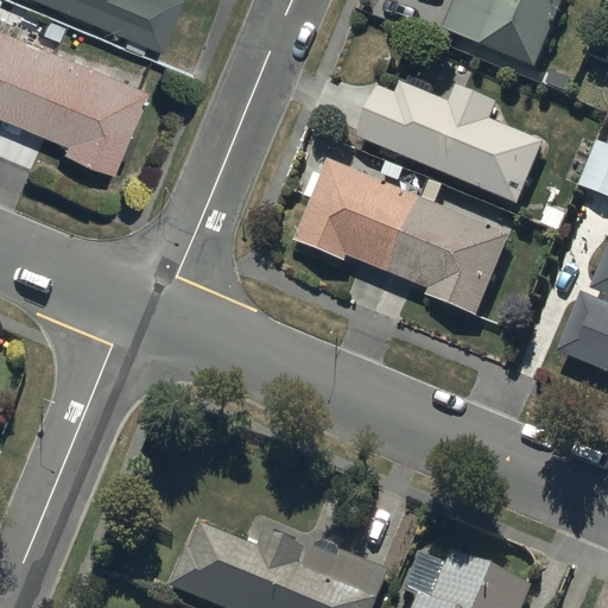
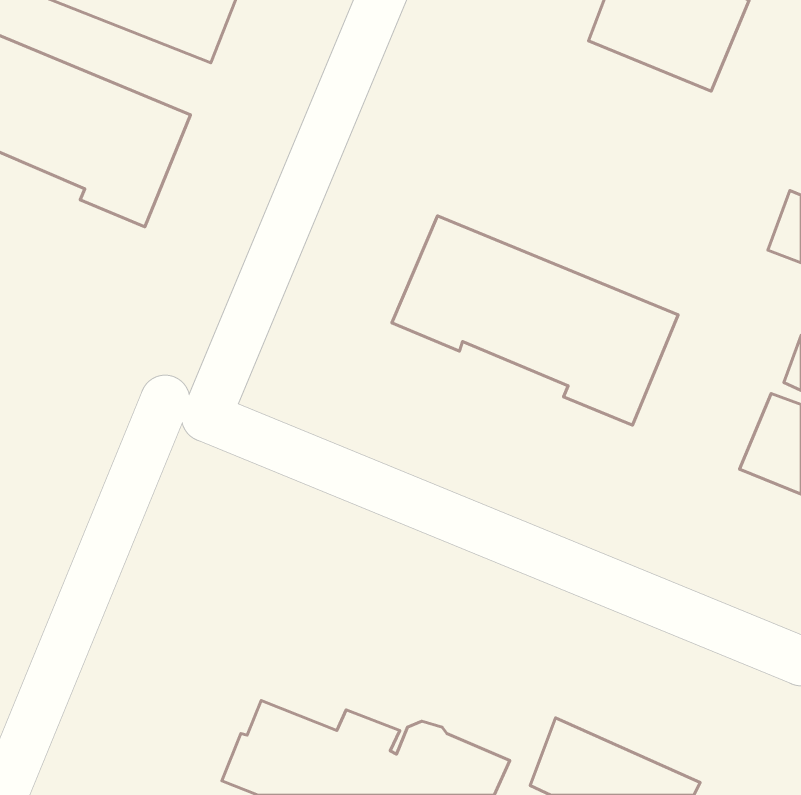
building: [360,81,545,203] -> none

